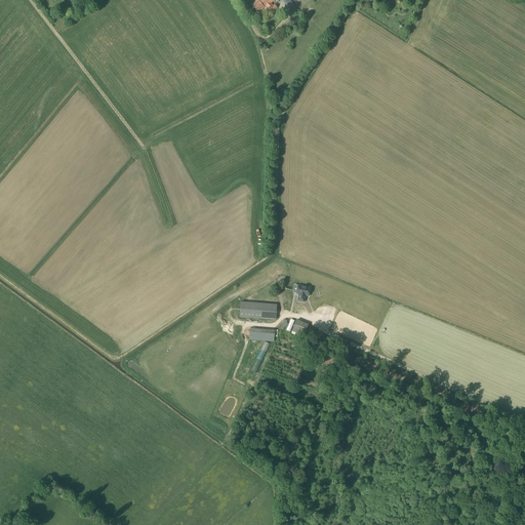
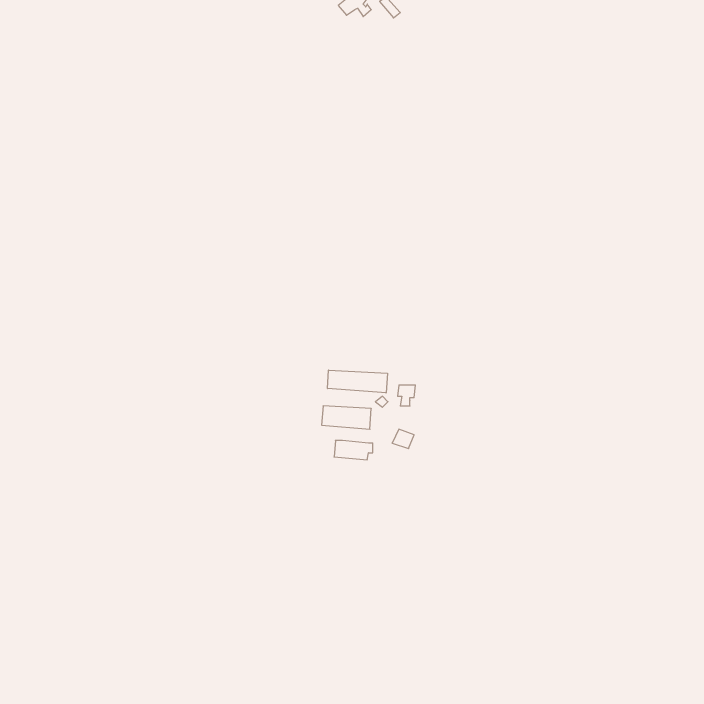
building: none -> [328,370,387,393]

